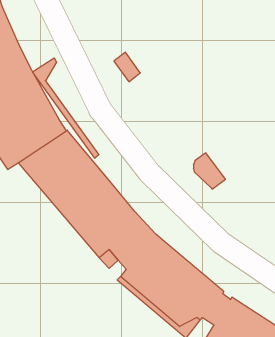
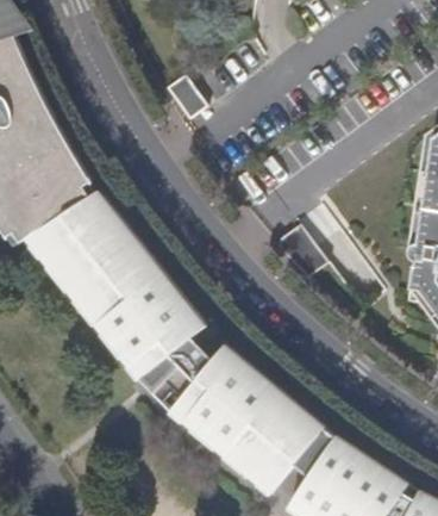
building: [33,58,99,158] -> none

